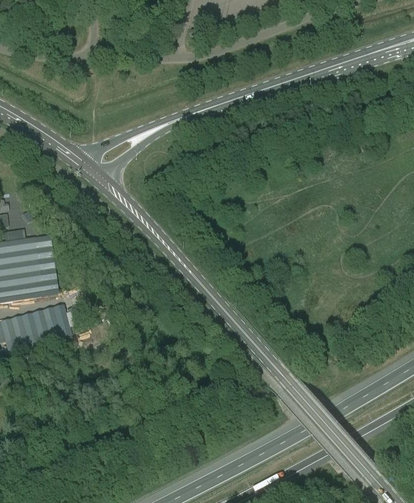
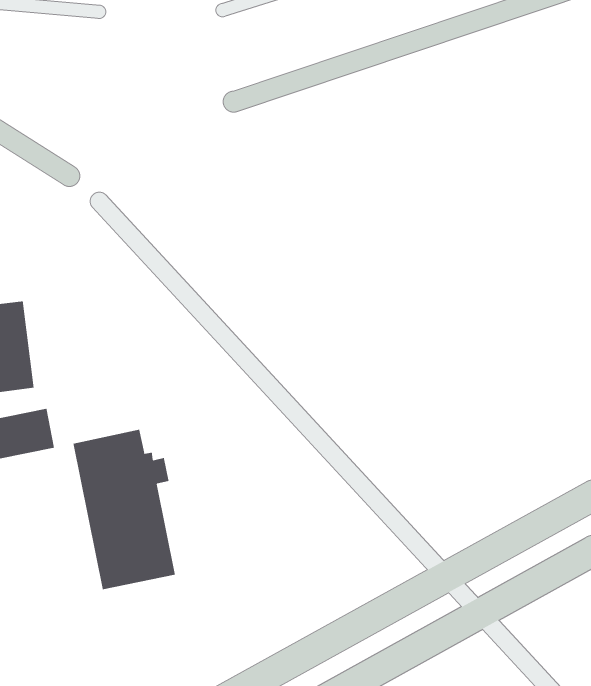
building: none -> [73,429,176,590]

